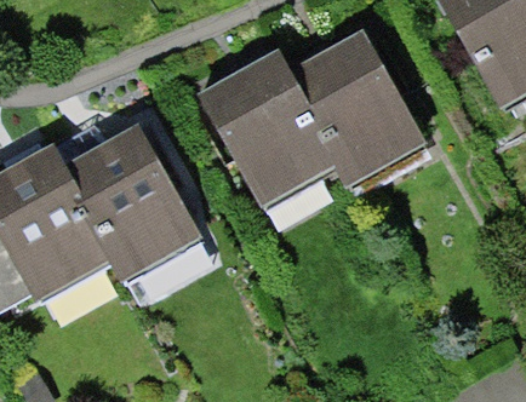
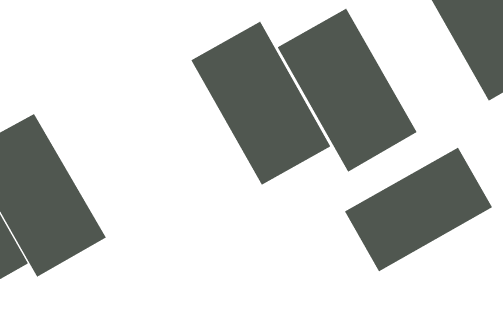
building: [52,113,198,281] -> none
building: none -> [344,147,493,272]

